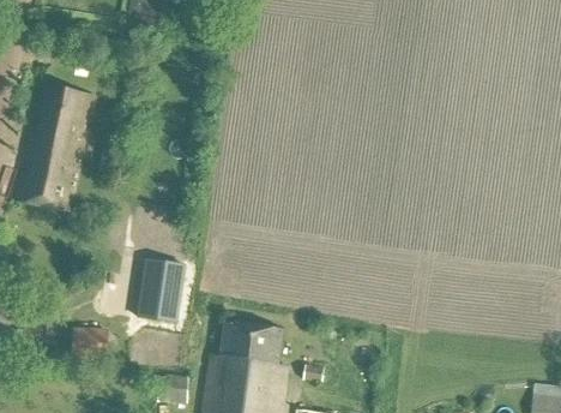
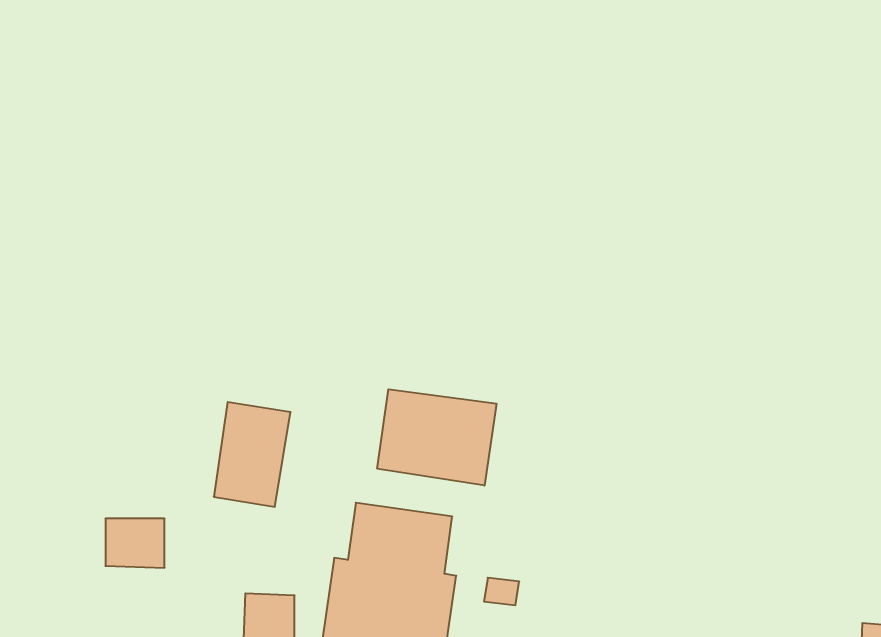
building: [17,85,91,209] -> none
building: none -> [377,389,496,486]

